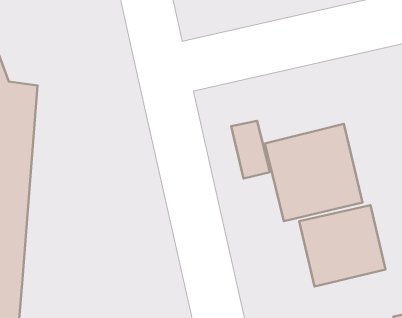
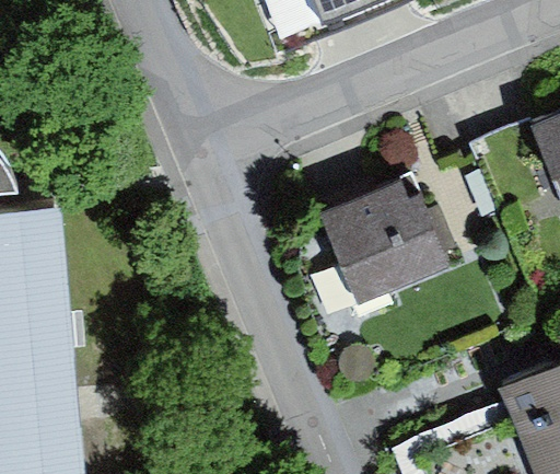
building: [299,205,386,286] -> none

